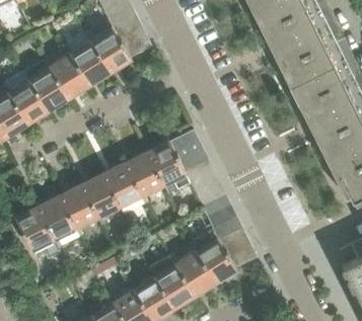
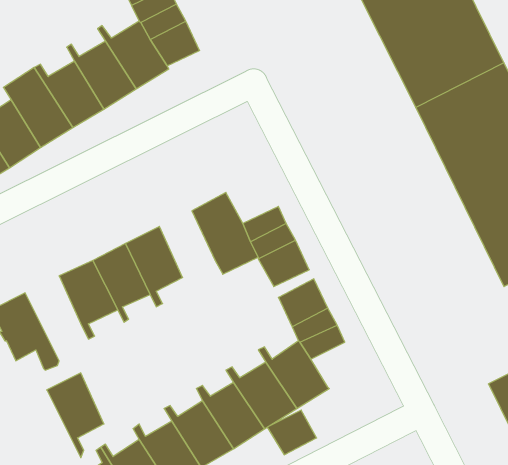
building: [168,131,202,161] -> none
building: [124,153,160,205] -> none
building: [35,195,73,251] -> [47,373,104,458]
building: [223,239,256,268] -> [267,410,317,455]

